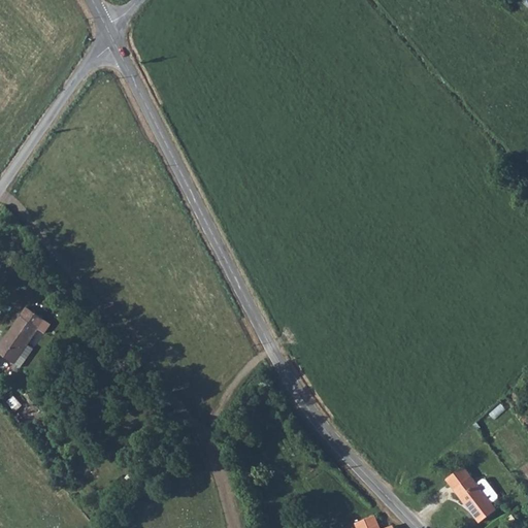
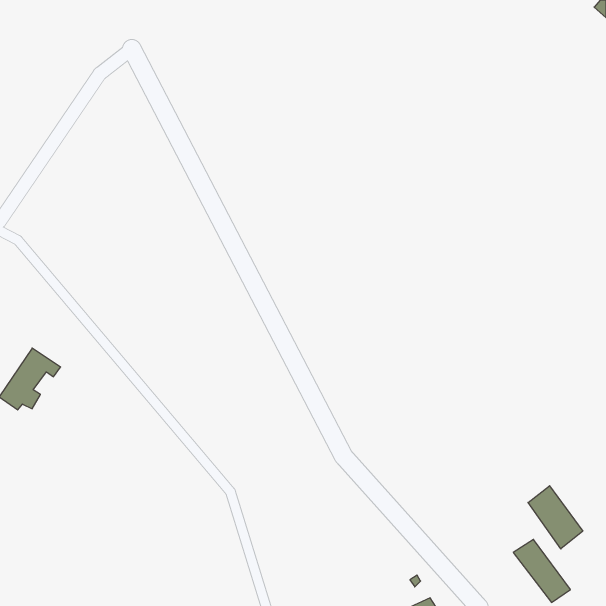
building: none -> [528,486,583,549]

